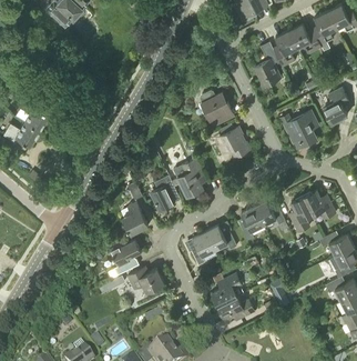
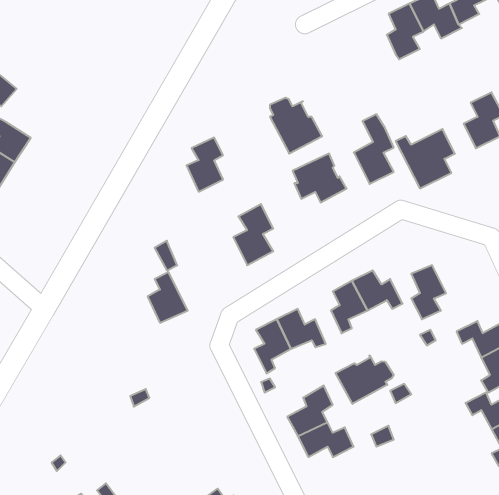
building: [255,42,280,87] -> [354,114,394,184]
building: [151,177,174,211] -> [186,138,223,192]
building: [304,191,336,219] -> none
building: [110,241,141,275] -> none
building: none -> [336,355,394,404]
building: [128,268,164,293] -> none

